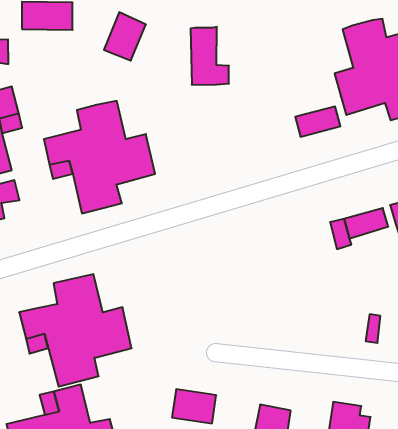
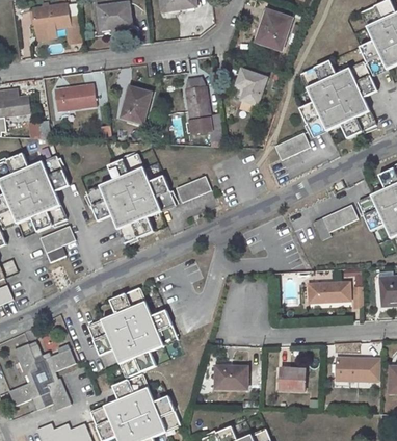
building: none -> [235,70,266,105]
building: none -> [176,175,210,202]
building: none -> [308,282,349,302]

